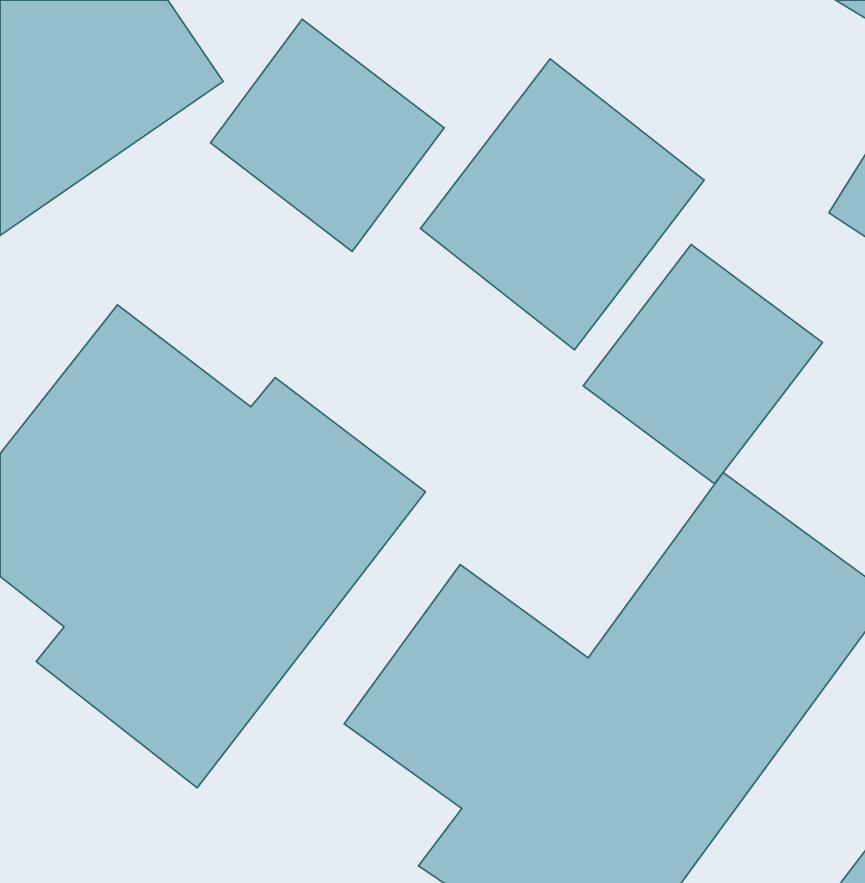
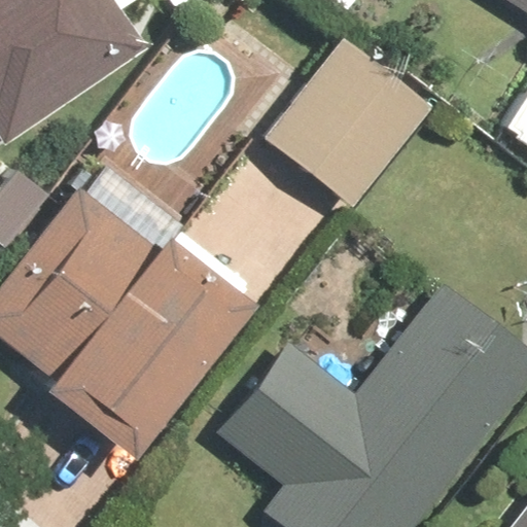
building: [210,19,444,251] -> none
building: [583,245,823,484] -> none

